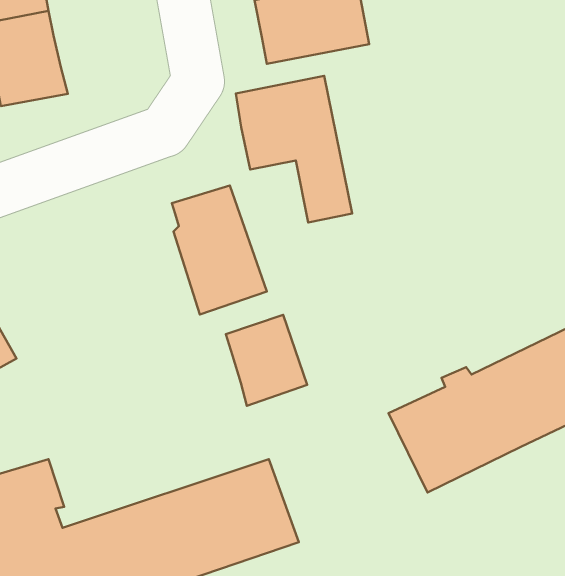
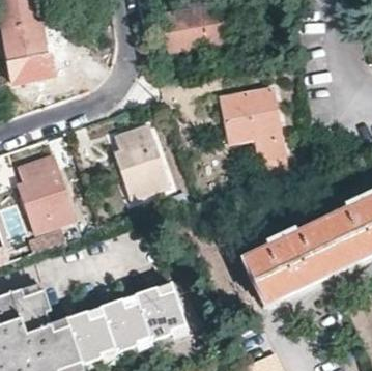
building: [236,76,352,222] -> [221,88,289,174]
building: none -> [19,155,74,231]
building: [226,315,307,406] -> none

